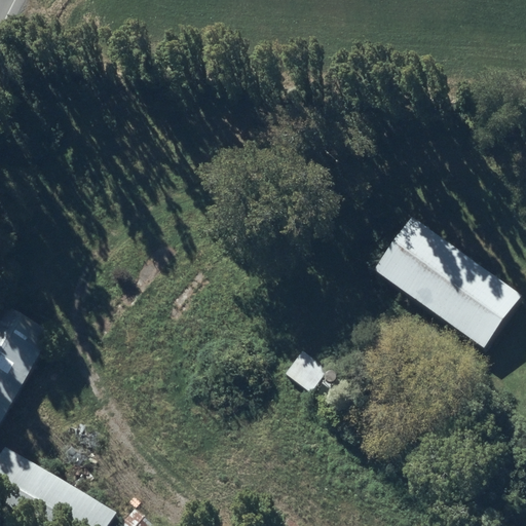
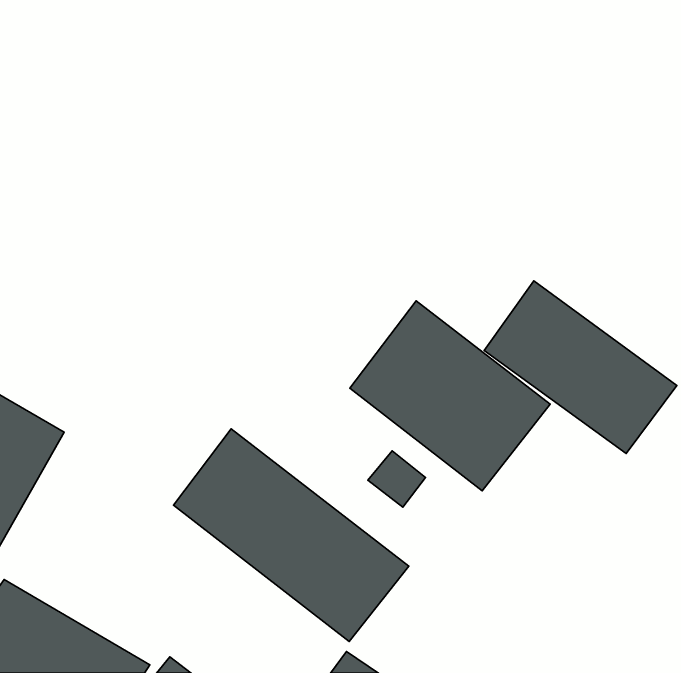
building: none -> [350,301,550,491]
building: none -> [173,429,409,641]

